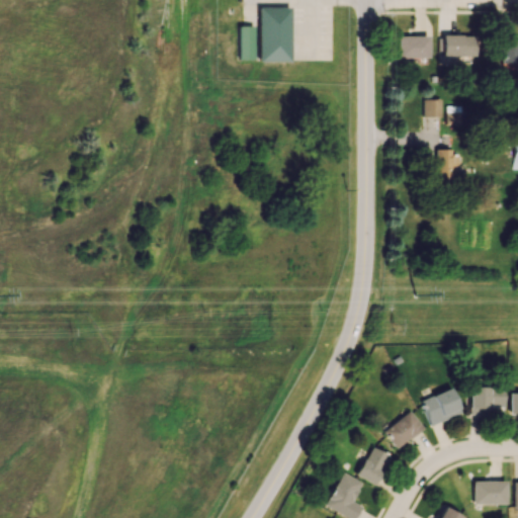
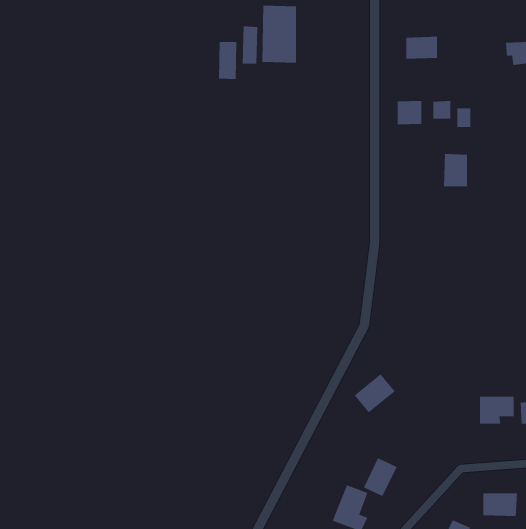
building: [442,35,479,58] -> none
building: none -> [218,41,237,80]
building: none -> [397,100,422,125]
building: [422,388,463,427] -> none
building: [384,411,425,449] -> [354,374,395,413]

